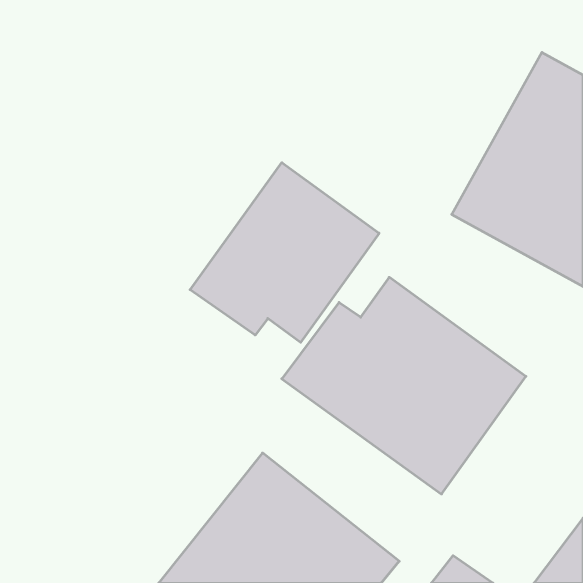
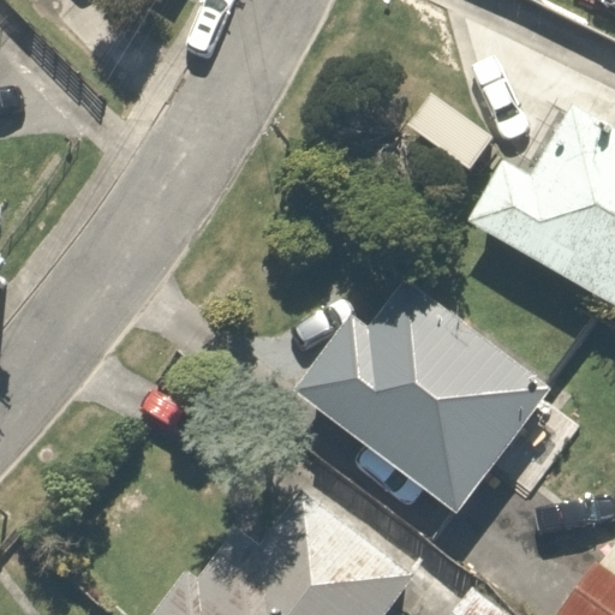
building: [190,163,379,342] -> none

